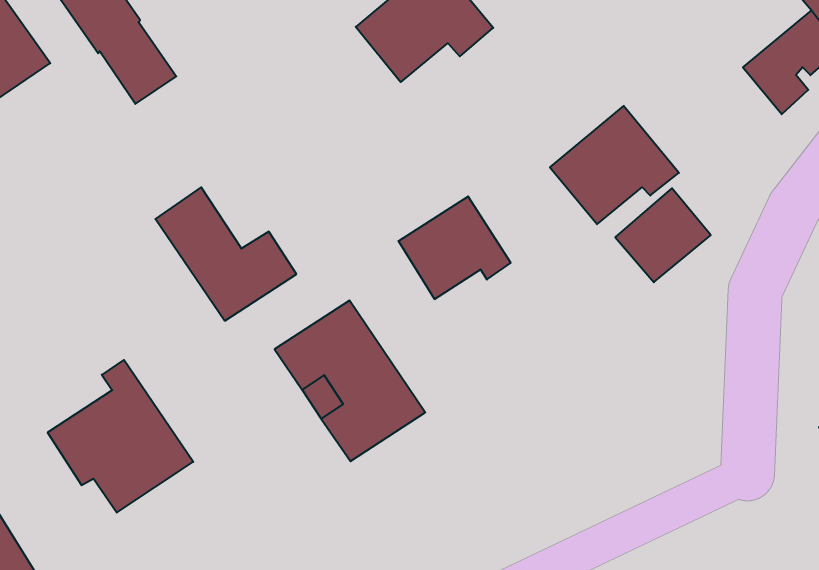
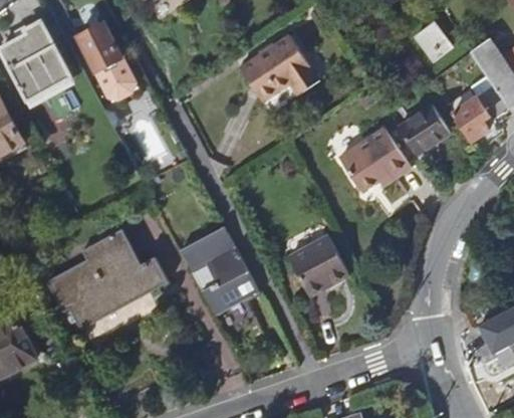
building: [155,187,296,321] -> [93,228,169,303]
building: [615,188,711,282] -> [399,105,452,156]
building: [398,196,511,299] -> [288,232,349,287]

